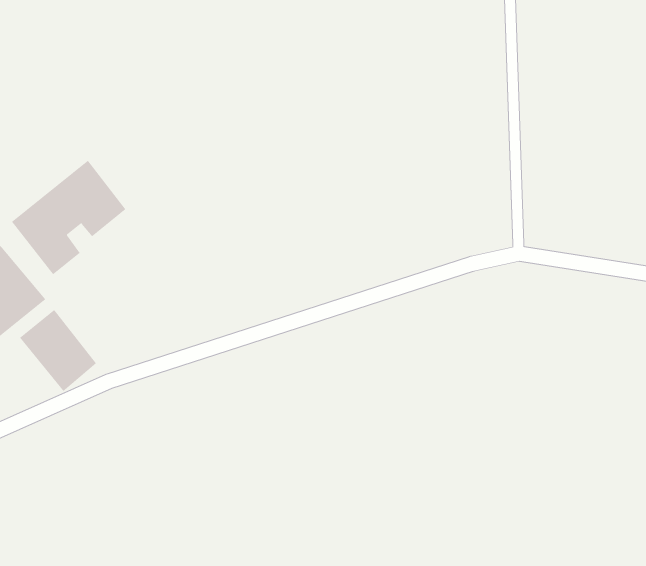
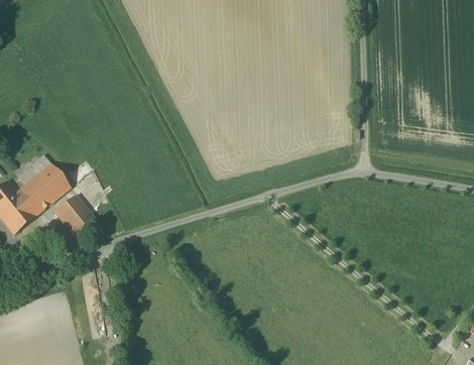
building: [11,160,126,275] -> none

